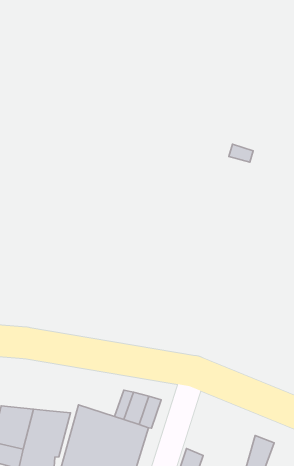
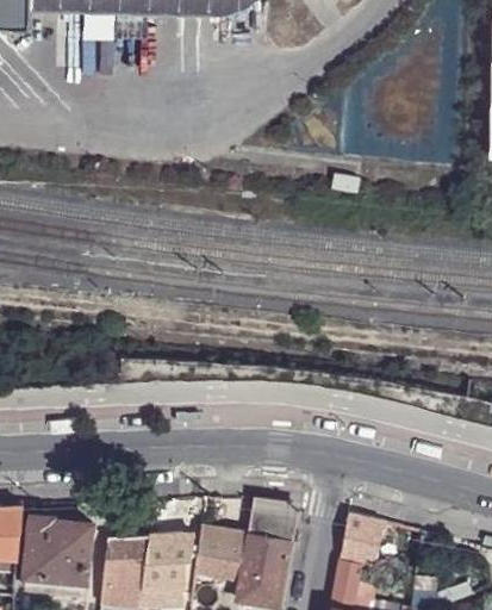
building: none -> [340,512,382,568]

